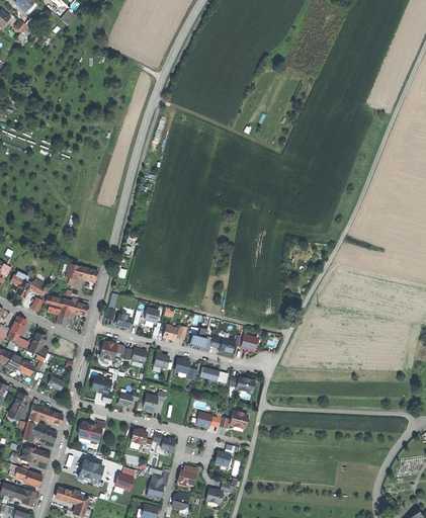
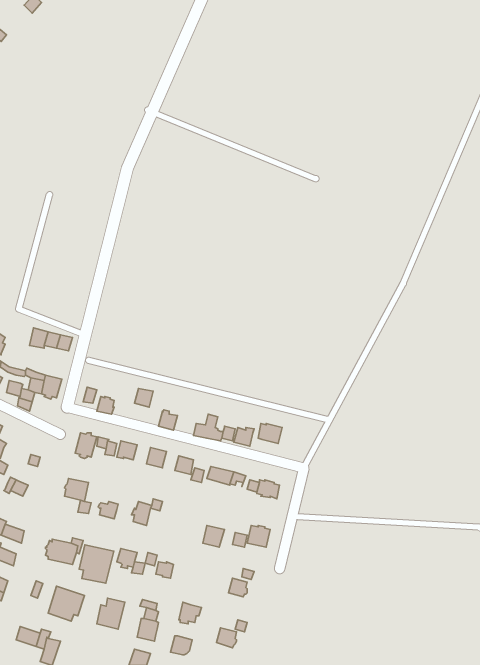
building: none -> [79,545,114,583]

